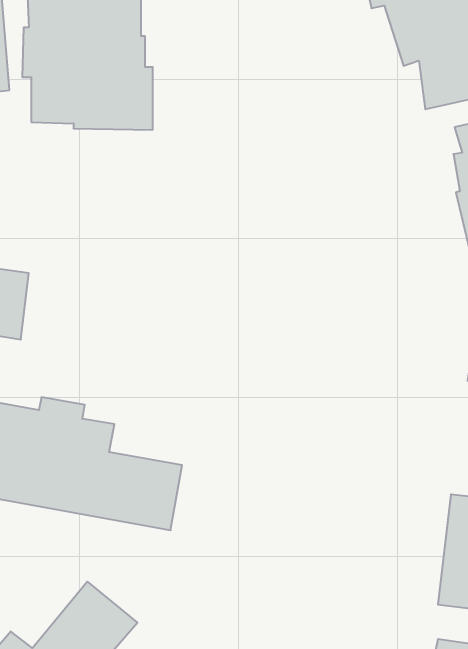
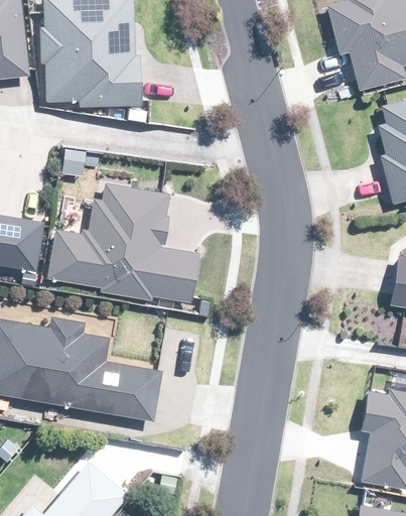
building: none -> [45,184,195,301]

